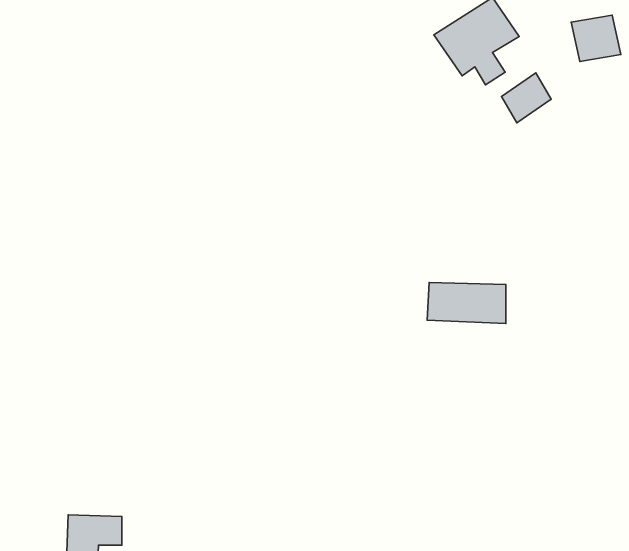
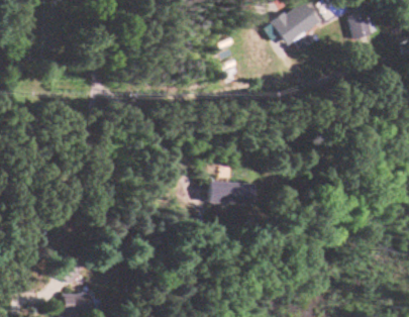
building: [501,73,551,123] -> none
building: [427,283,506,324] -> [209,182,253,205]

